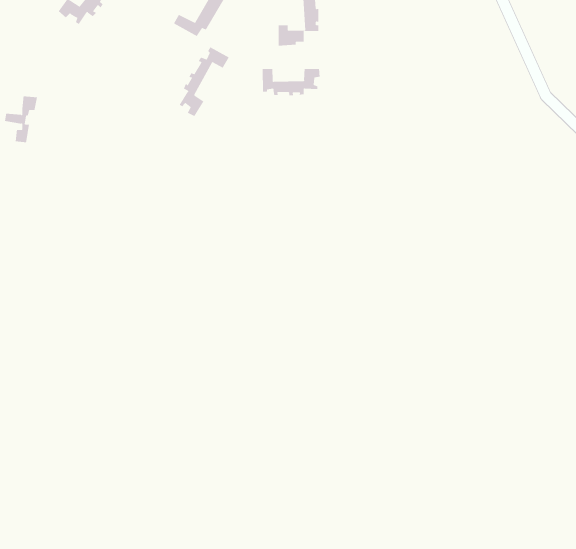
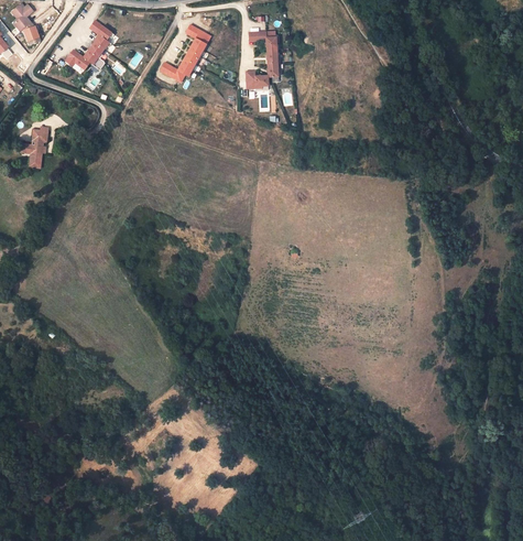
building: [179,47,230,117] -> none
building: [262,68,320,96] -> none

